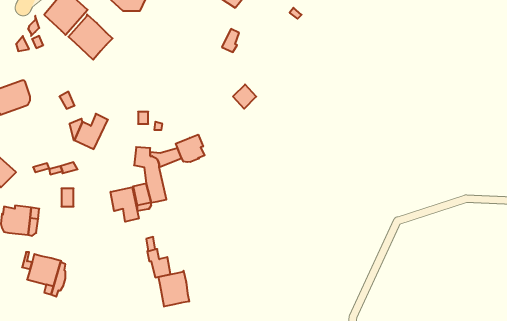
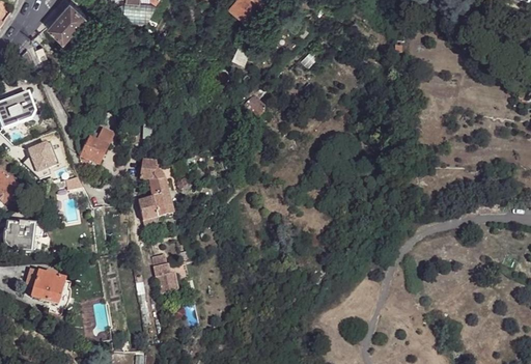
building: [68,14,113,60] -> none
building: none -> [23,143,58,179]
building: [176,135,205,162] -> none
building: [111,187,139,222] -> none
building: [158,271,189,307] -> none

